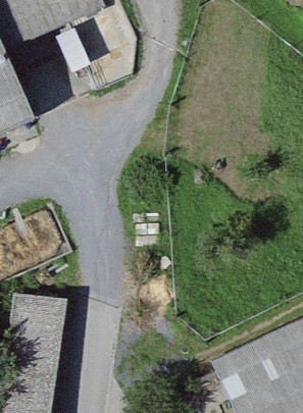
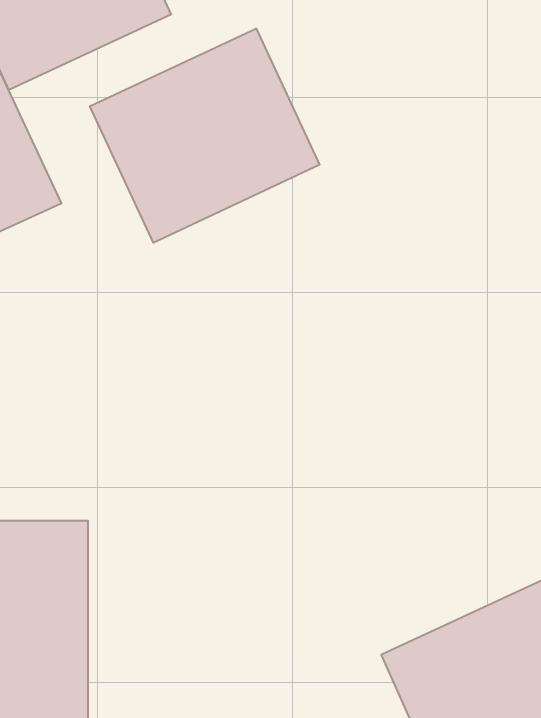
building: none -> [90,28,320,243]

